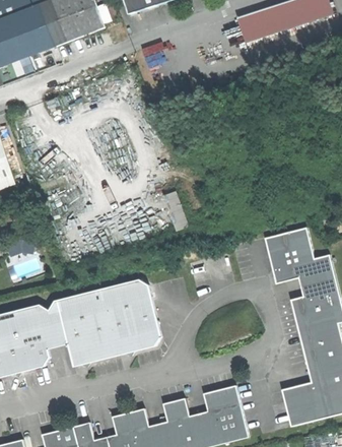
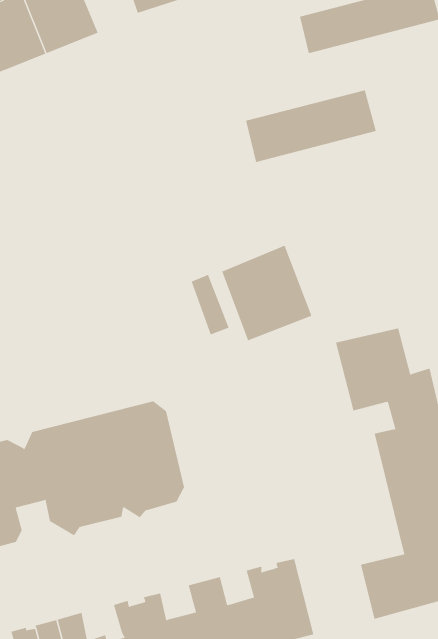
building: none -> [246,90,377,163]
building: none -> [222,245,312,341]

